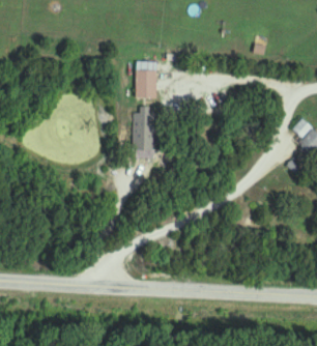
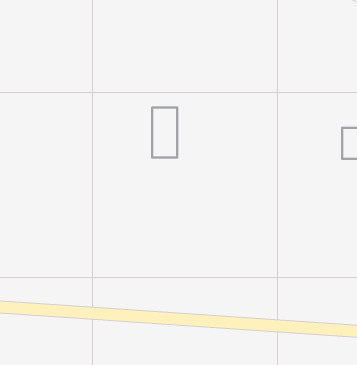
building: [137,62,156,99] -> none

